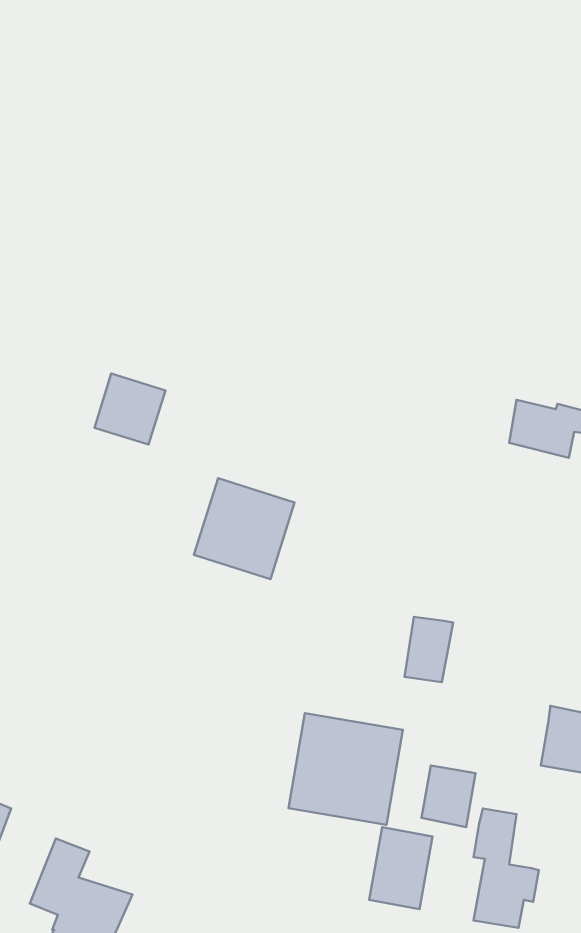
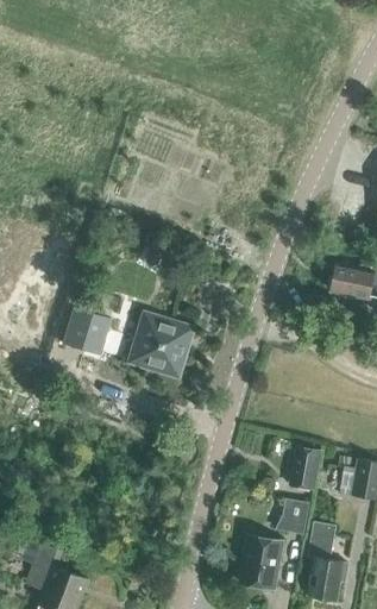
building: [94,374,165,444] -> [65,308,111,353]
building: [405,617,453,682] -> [290,447,321,489]
building: [288,713,403,825] -> none

